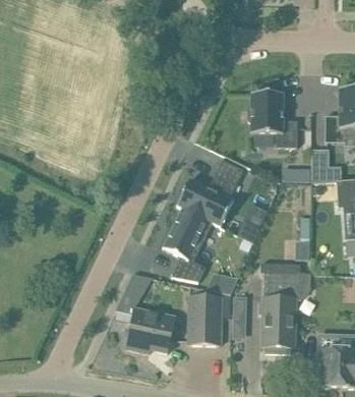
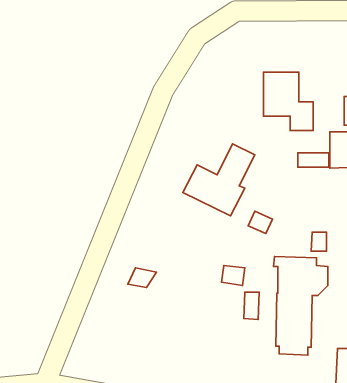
building: [162,205,220,282] -> none
building: [187,295,221,345] -> none
building: [124,308,174,353] -> none

